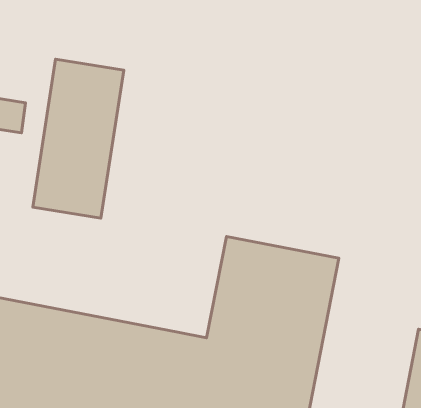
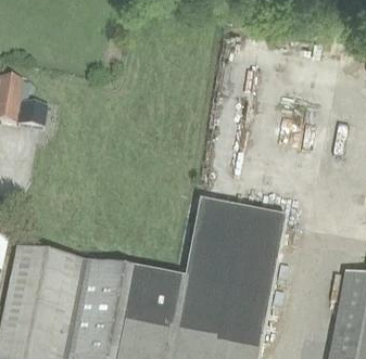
building: [33,59,124,218] -> none

